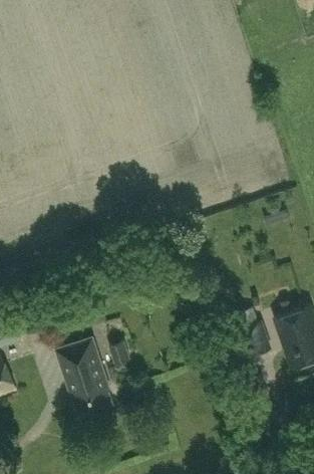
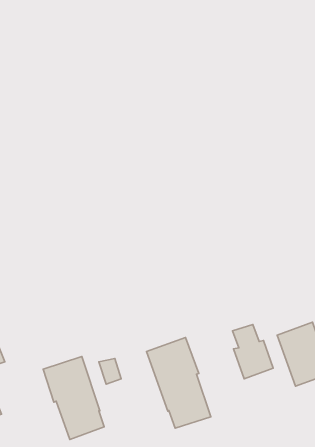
building: none -> [147,338,211,428]

